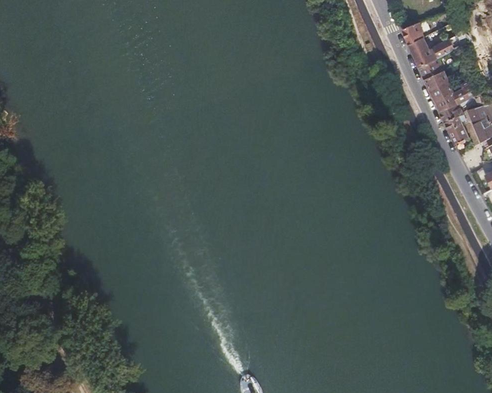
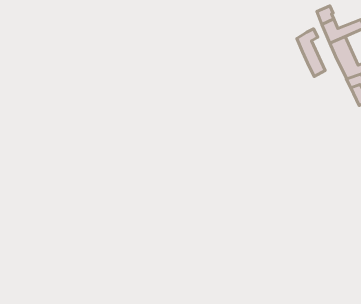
building: none -> [297,29,325,76]

